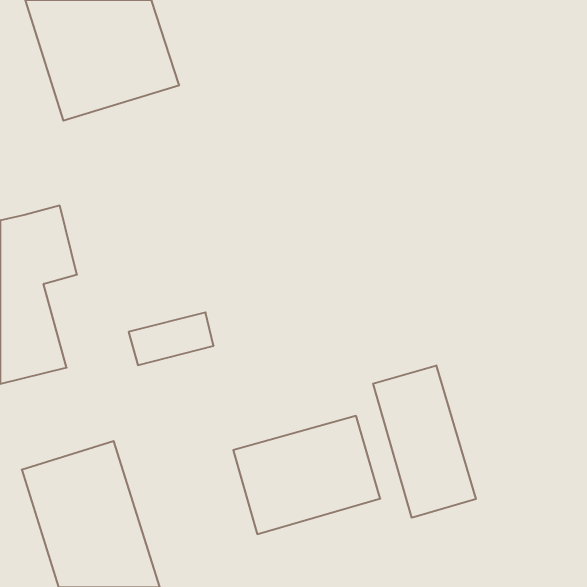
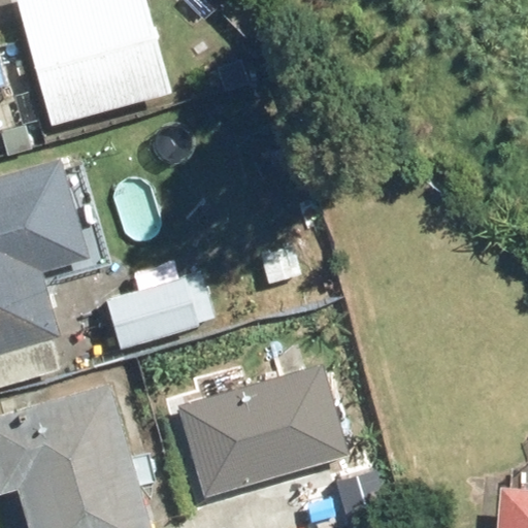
building: [373,365,476,518] -> none

